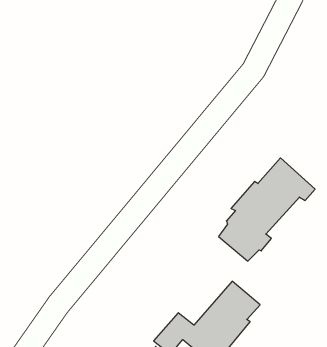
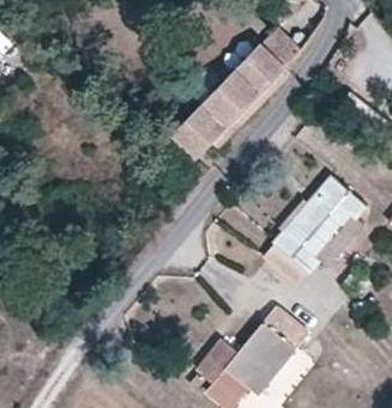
building: none -> [173,28,301,157]

